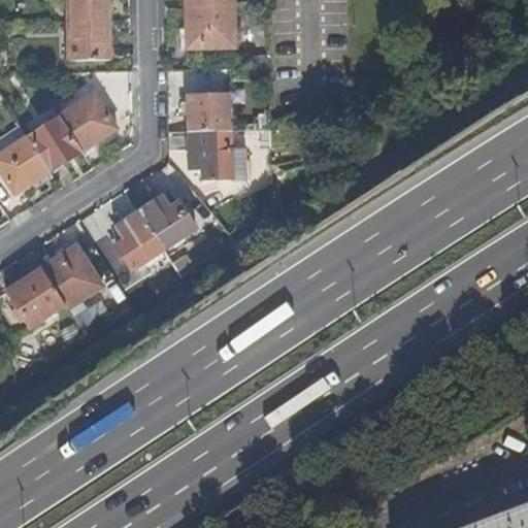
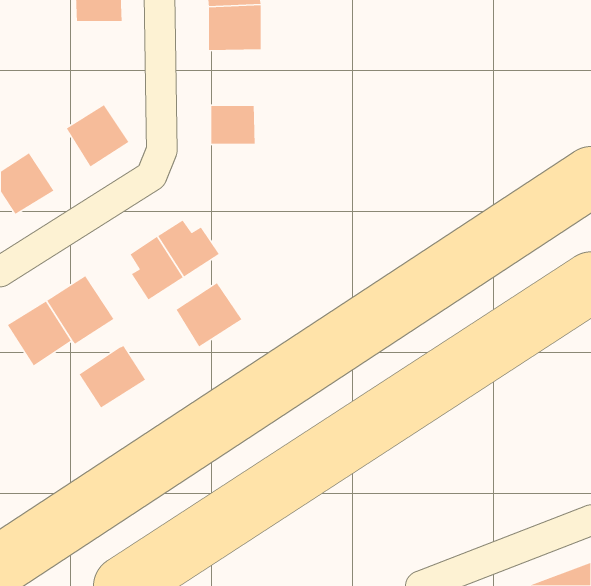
building: [68,20,109,59] -> none
building: [27,117,80,170] -> none
building: [188,129,230,179] -> none
building: none -> [175,282,242,348]
building: none -> [79,345,146,409]

